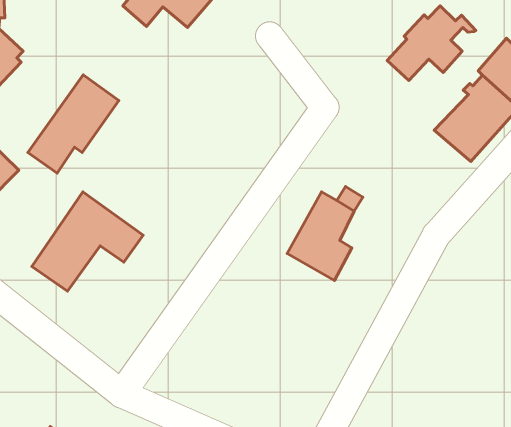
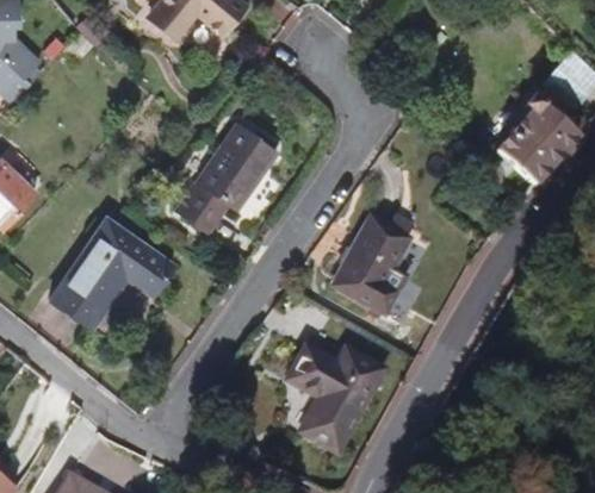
building: [387,6,476,80] -> none
building: [28,75,119,173] -> [176,124,277,232]
building: none -> [286,347,383,453]

